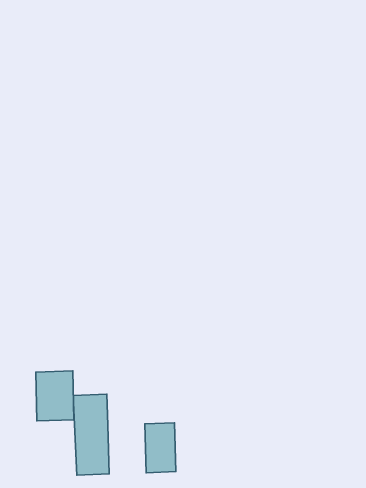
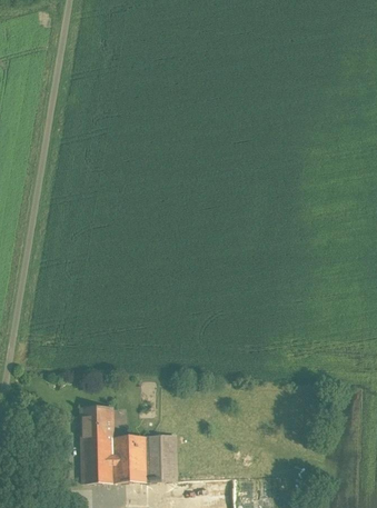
building: [36,371,74,421] -> [112,436,148,482]

